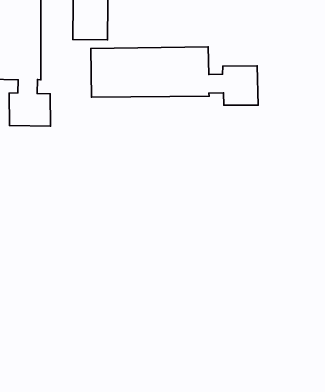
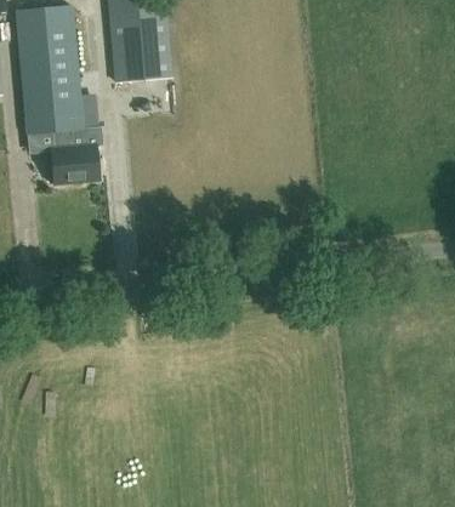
building: [91,47,258,105] -> none

